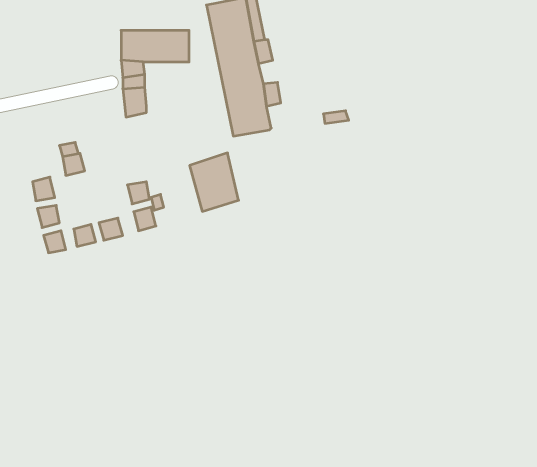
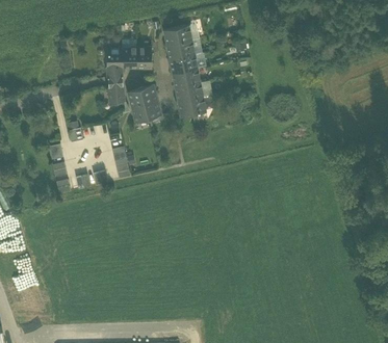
building: [190,153,239,211] -> [127,84,159,123]

